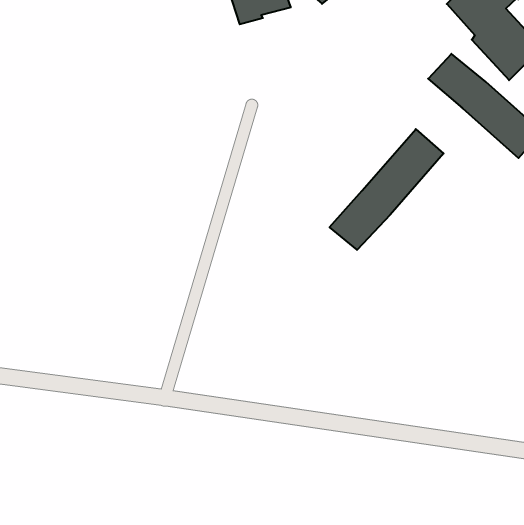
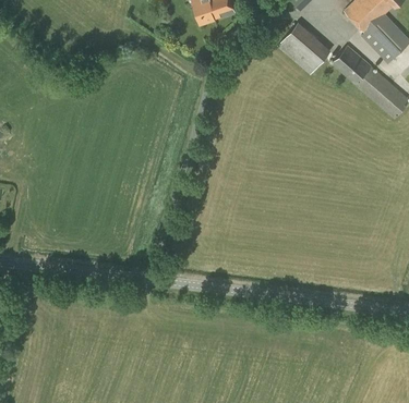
building: none -> [277,21,330,74]
building: [330,129,444,250] -> none

